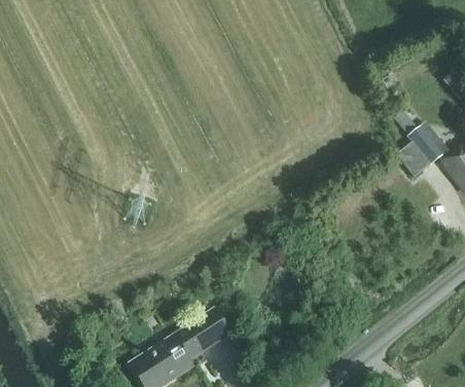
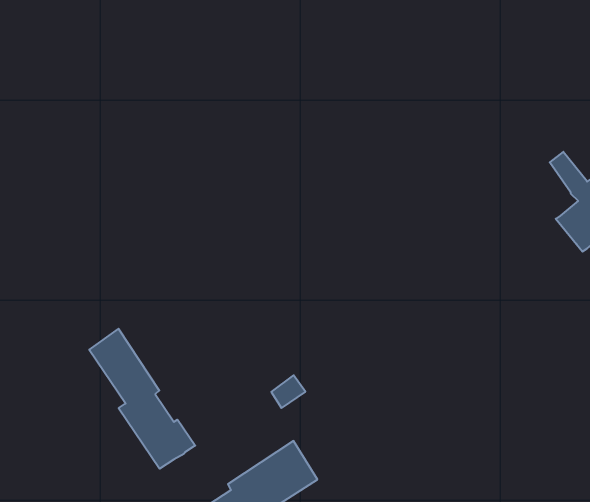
building: none -> [89,329,195,469]

